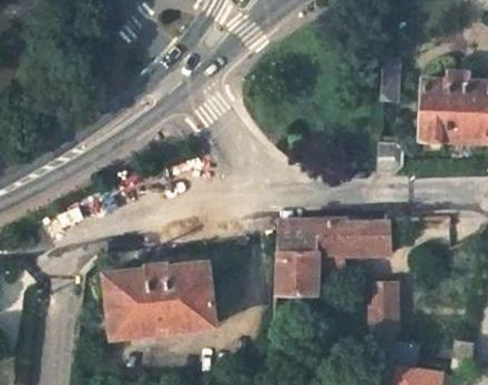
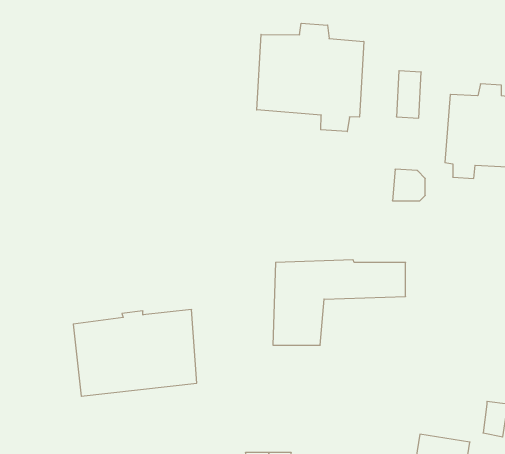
building: none -> [257,23,364,132]
building: [372,283,395,343] -> none

